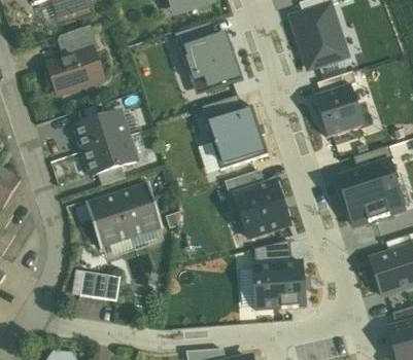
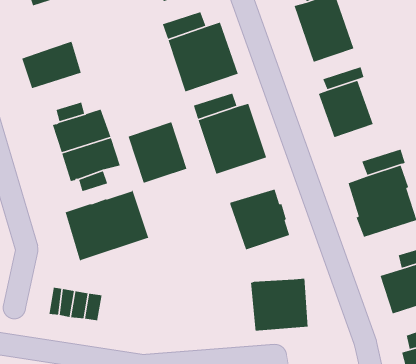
building: [66,24,97,55] -> none
building: none -> [127,121,188,184]
building: [225,169,264,196] -> none
building: [254,241,291,264] -> none

